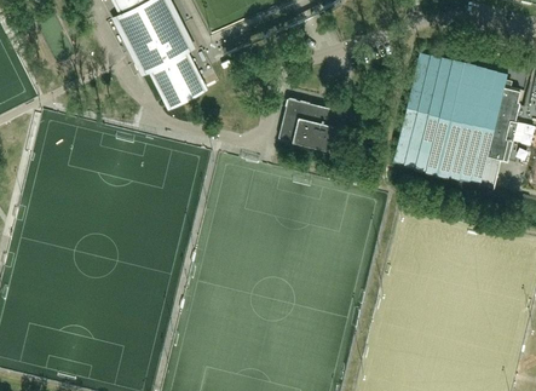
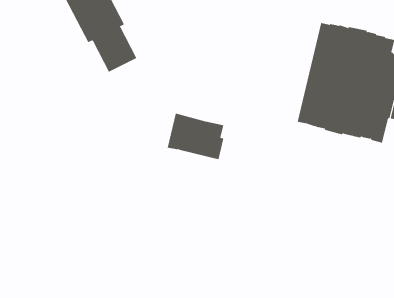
building: [278,98,346,154] -> [167,113,224,160]

